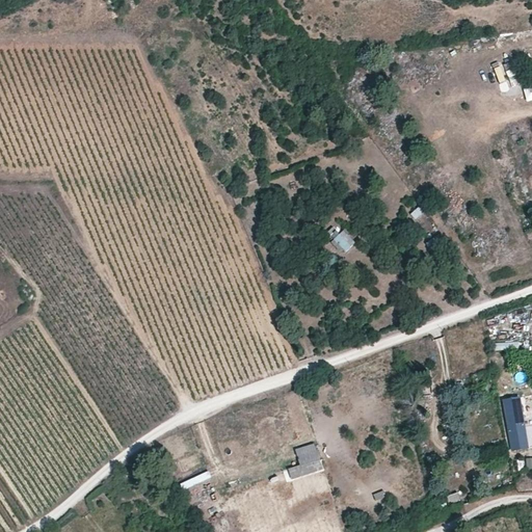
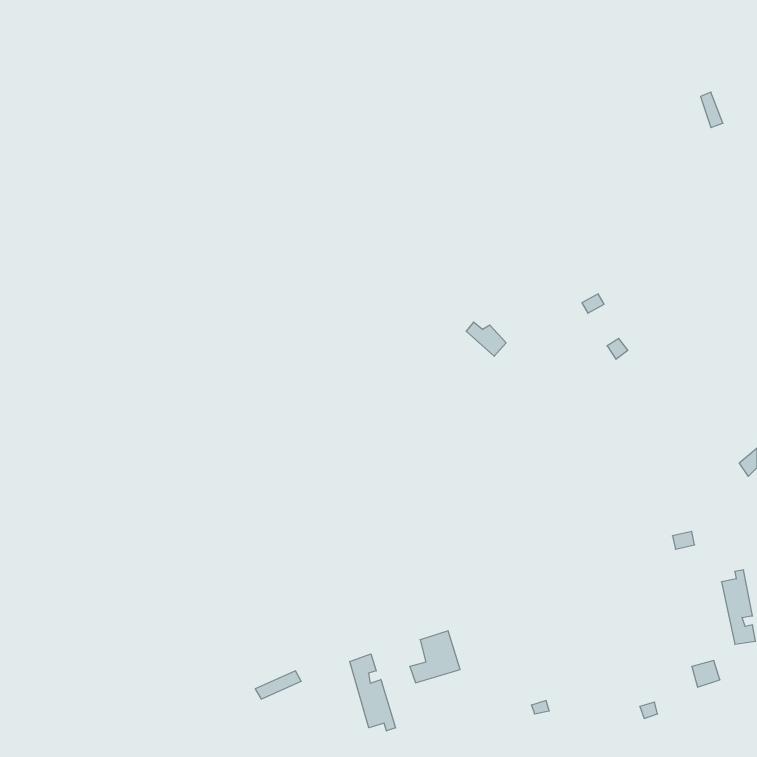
building: none -> [350,654,396,731]

